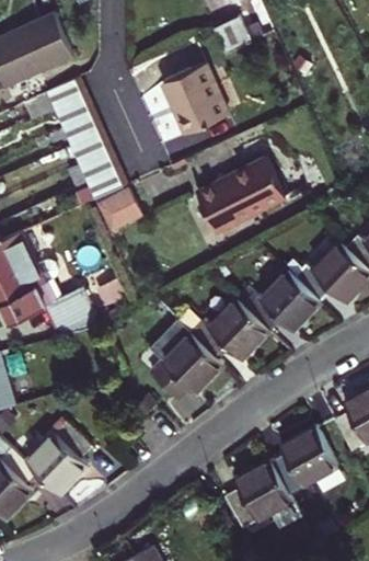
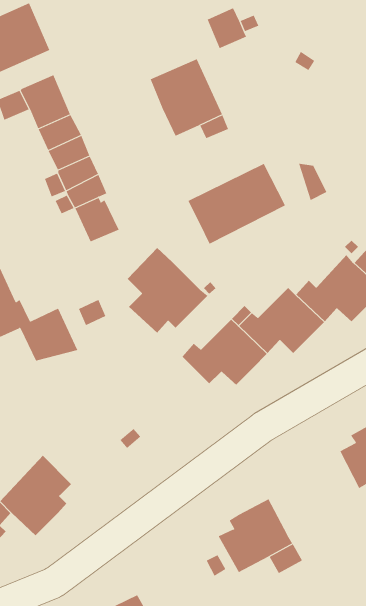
building: [149,320,222,398] -> [127,247,208,333]
building: [269,426,337,494] -> none

